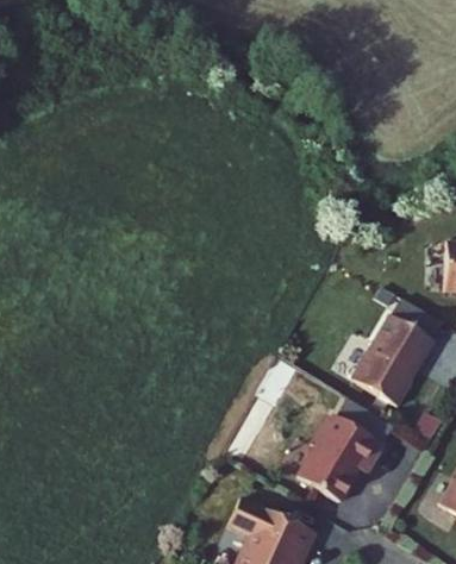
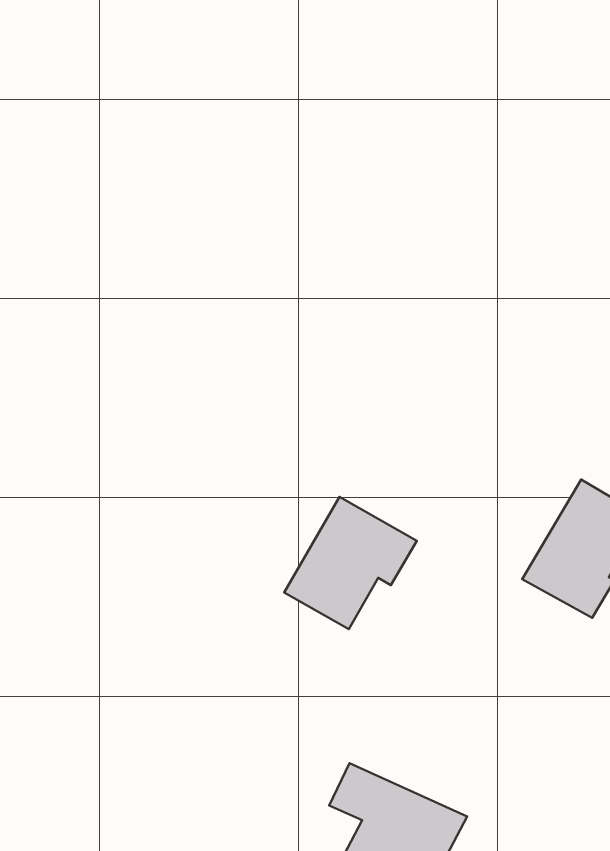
building: [299,413,385,499] -> [284,497,417,629]

